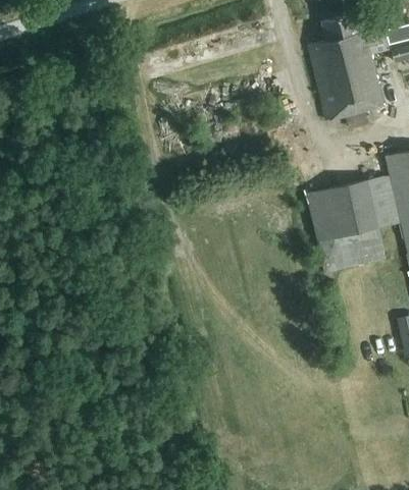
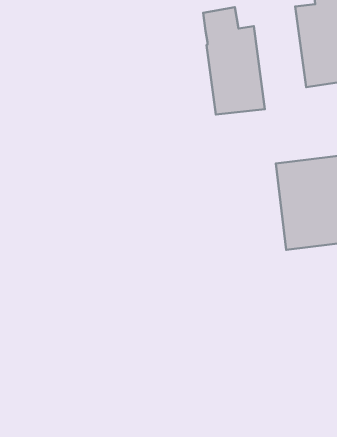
building: none -> [203,7,265,115]

